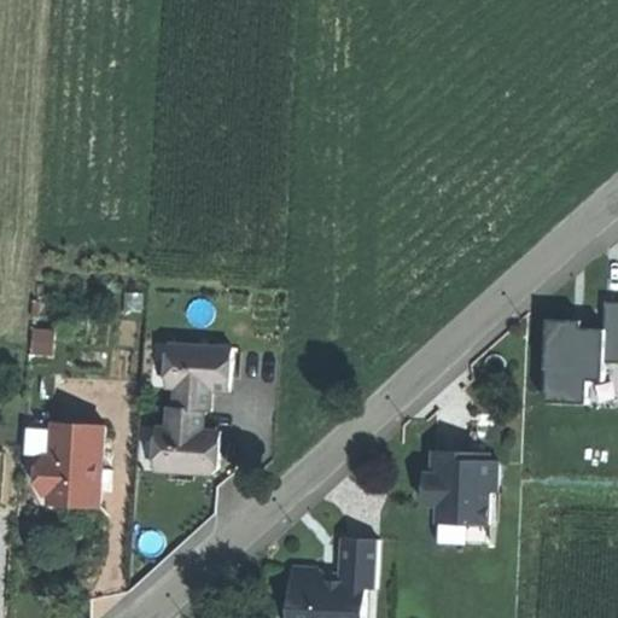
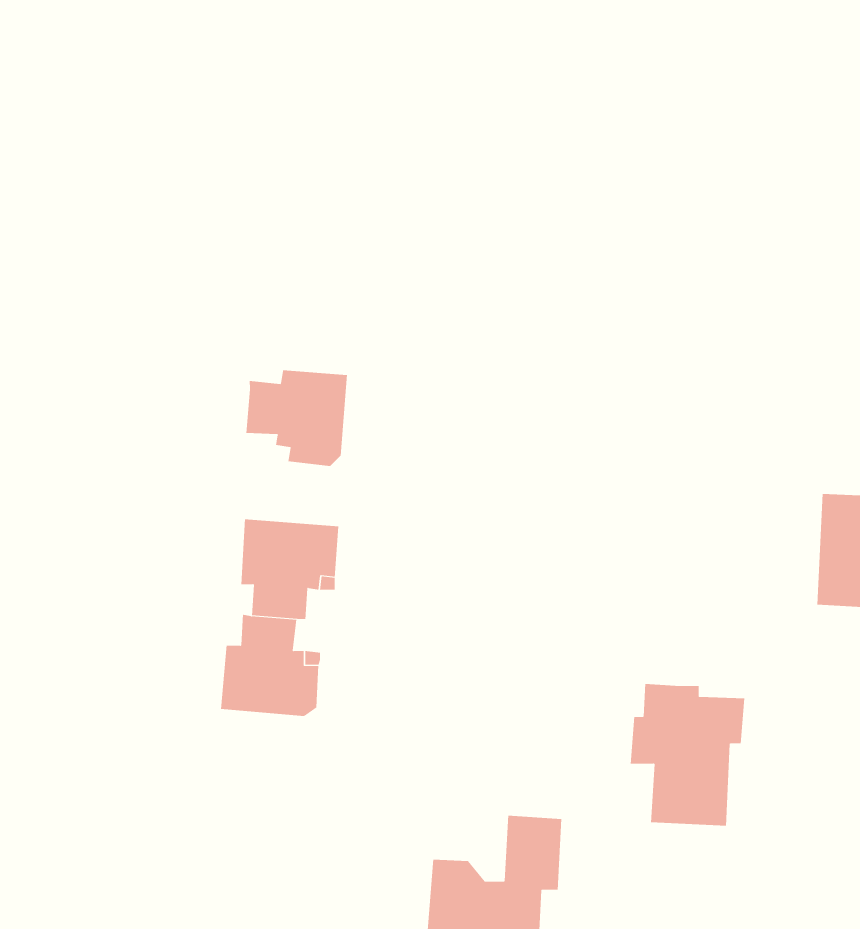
building: none -> [246,369,348,467]
building: [34,421,101,503] -> none

